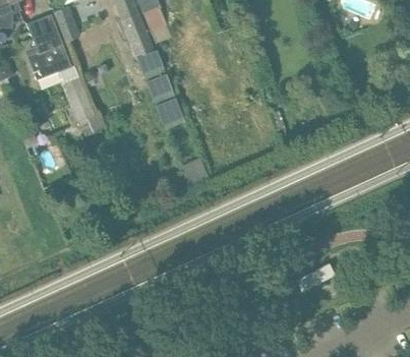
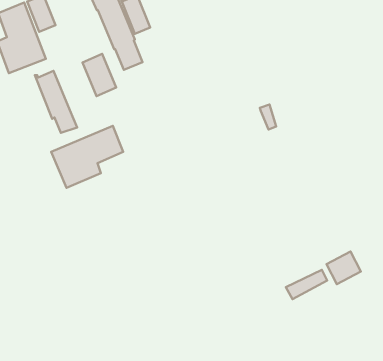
building: [150,82,181,122] -> [82,54,116,96]
building: none -> [51,126,123,188]
building: none -> [326,251,361,284]

